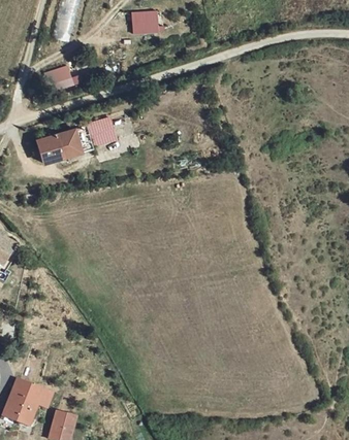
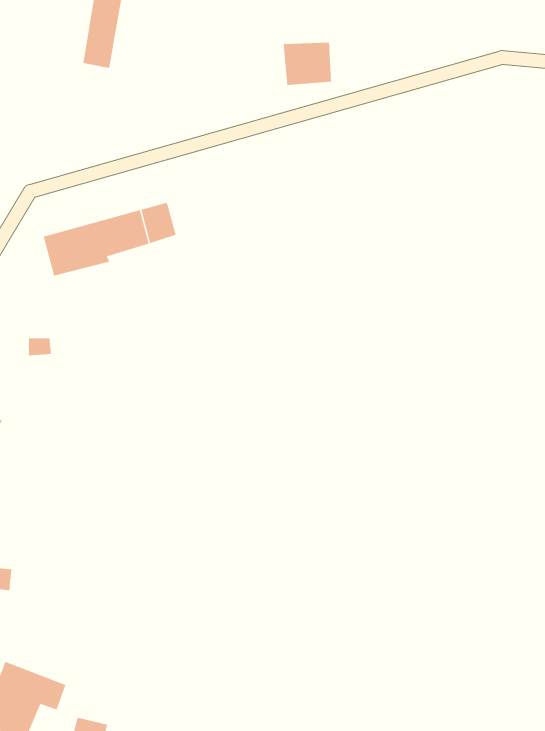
building: [135,11,163,36] -> [283,42,332,85]
building: [51,67,88,90] -> none

